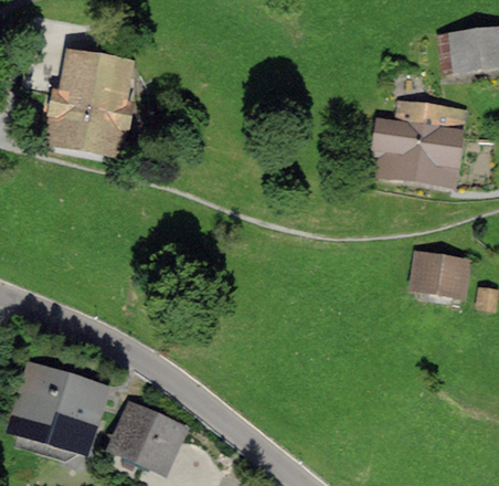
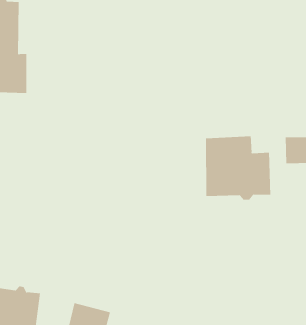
building: [379,107,460,179] -> none
building: none -> [205,136,271,201]

